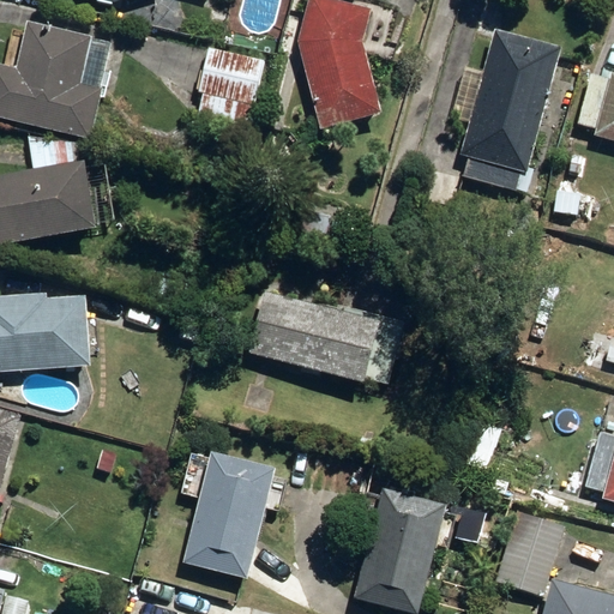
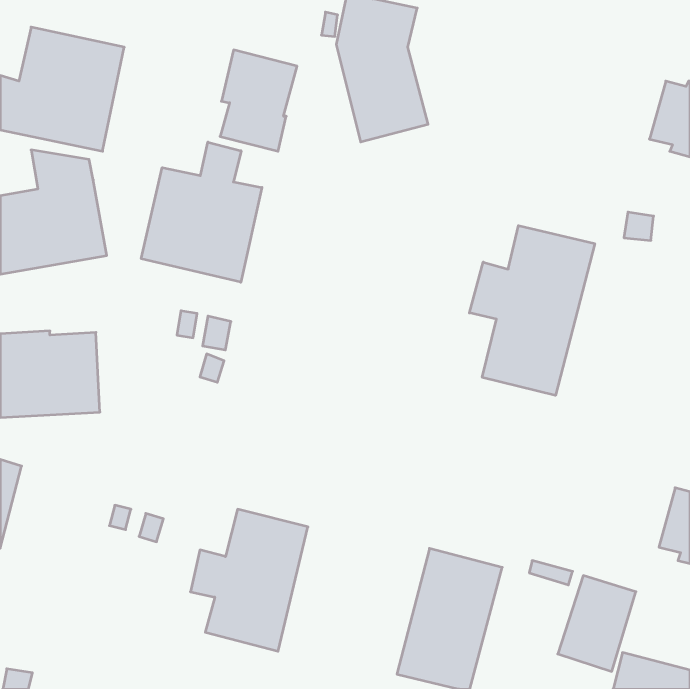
building: [450,29,560,189] -> none
building: none -> [141,142,262,282]
building: none -> [469,226,595,395]
building: [248,289,403,383] -> none

